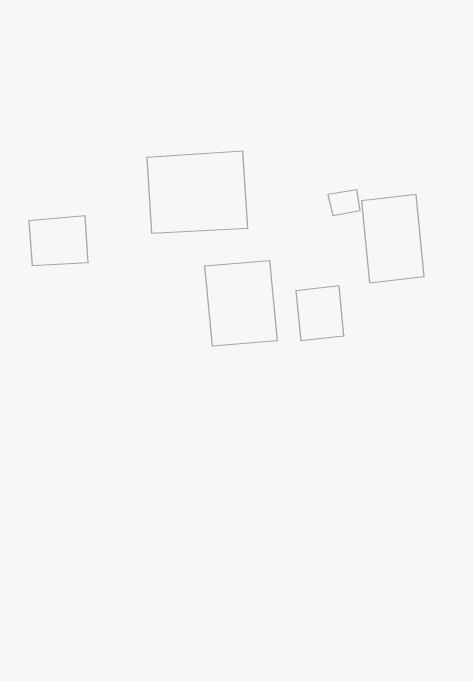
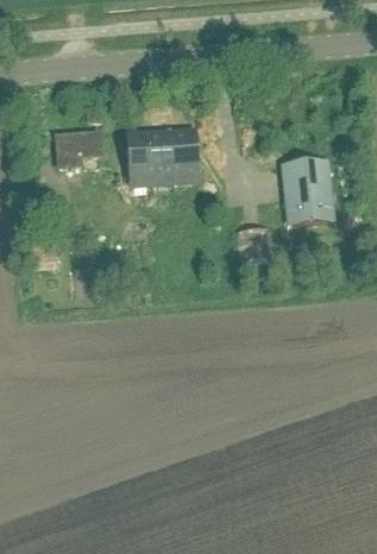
building: [29,216,88,266] -> [56,130,100,166]
building: [205,261,277,346] -> none

